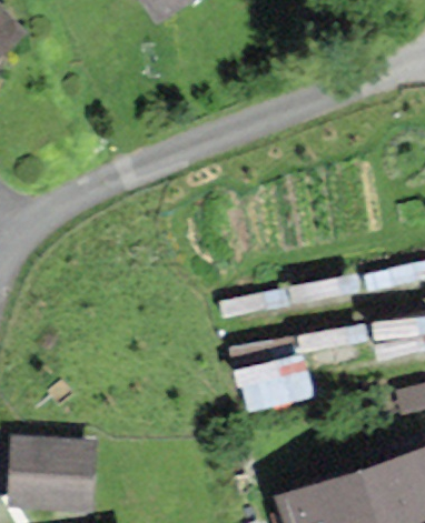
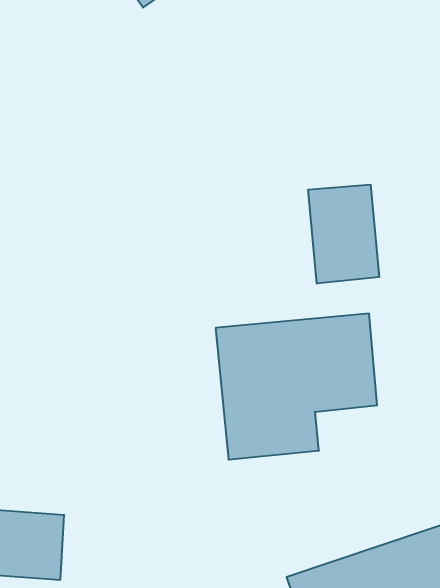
building: none -> [308,185,379,284]

